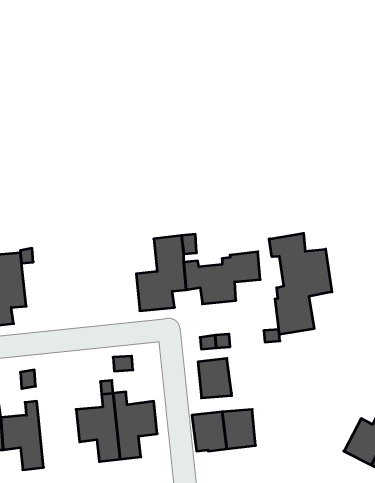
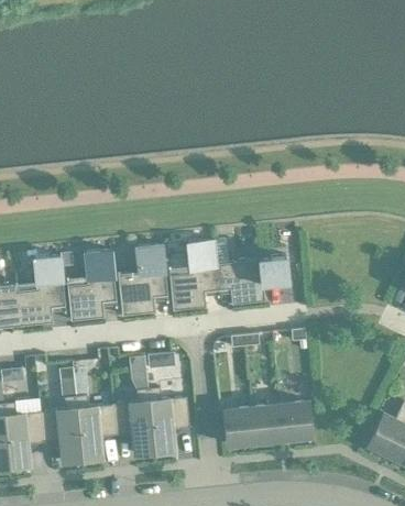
building: [269,233,332,335] -> none
building: none -> [118,245,167,317]
building: none -> [67,251,116,321]
building: [198,358,232,398] -> [280,402,311,439]
building: none -> [75,395,116,460]

